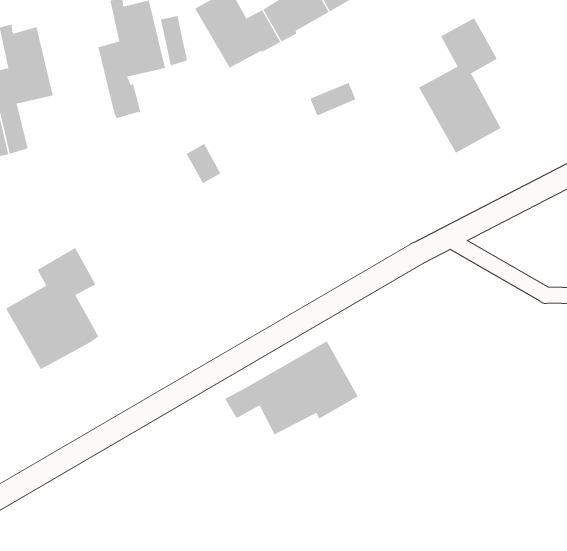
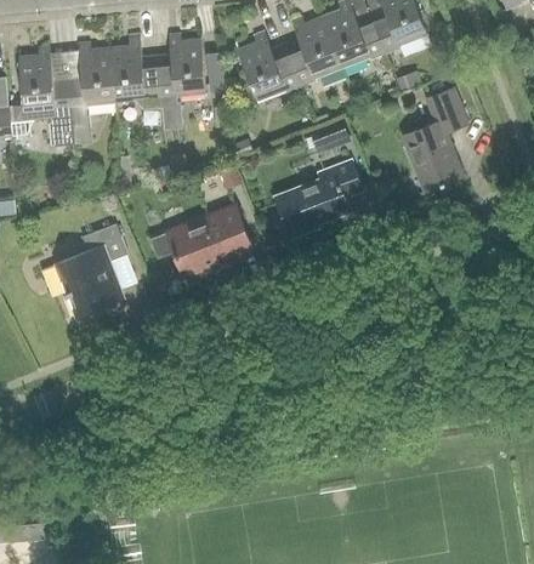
building: none -> [110,36,160,121]
building: none -> [274,160,362,238]
building: [224,341,359,435] -> [148,205,254,273]

